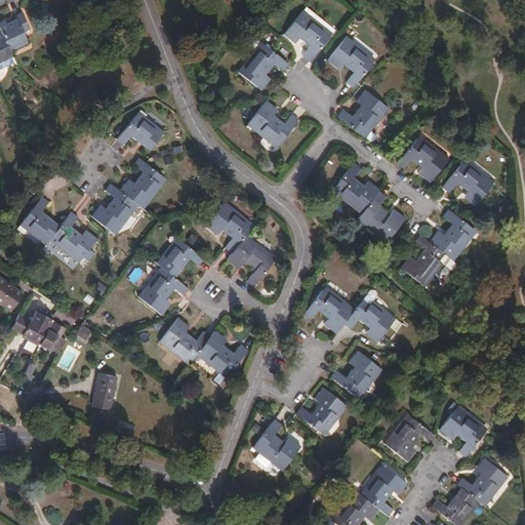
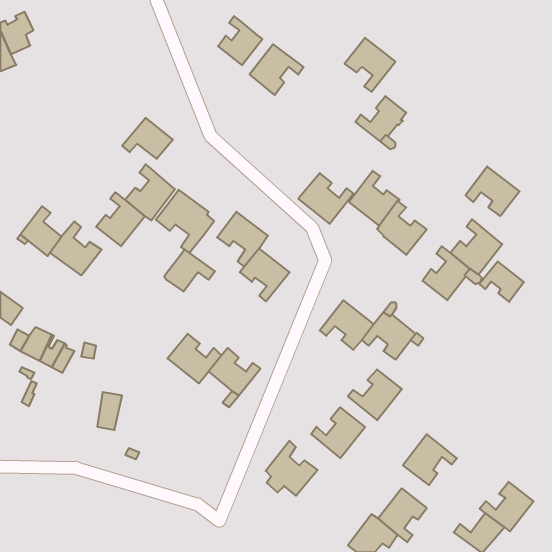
building: [283,10,332,63] -> none
building: none -> [218,16,262,65]
building: [246,99,298,148] -> [298,173,353,224]
building: [397,134,449,183] -> none
building: none -> [156,190,214,253]
building: none -> [479,261,524,302]
building: [135,266,189,315] -> none
building: [438,404,486,455] -> none

